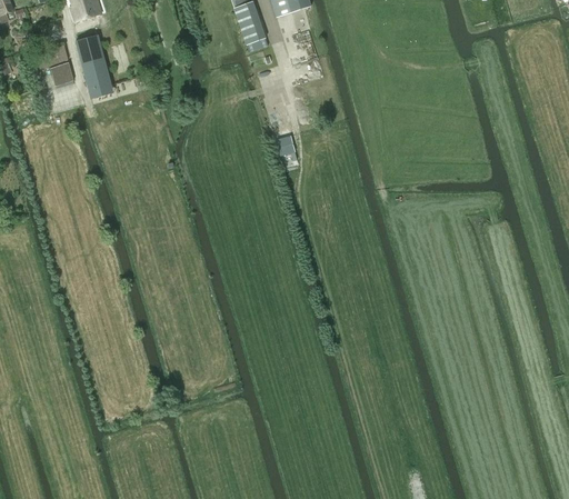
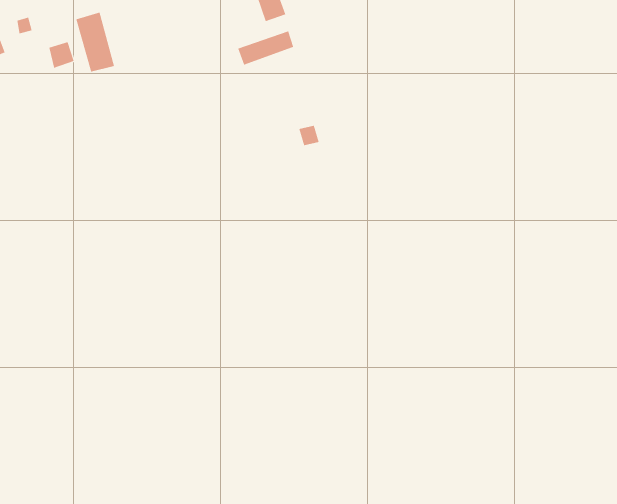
building: none -> [238,31,294,65]

